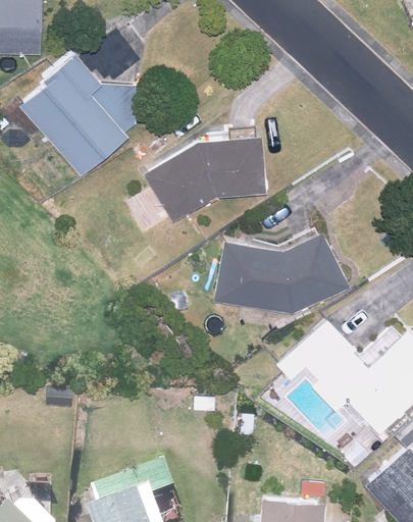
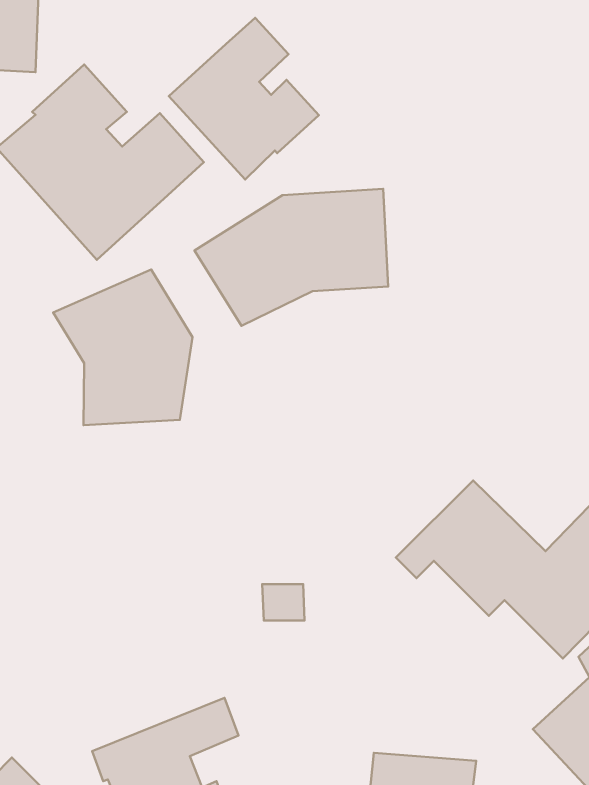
building: none -> [169,18,319,180]
building: none -> [53,270,192,425]
building: [216,225,353,314] -> none

